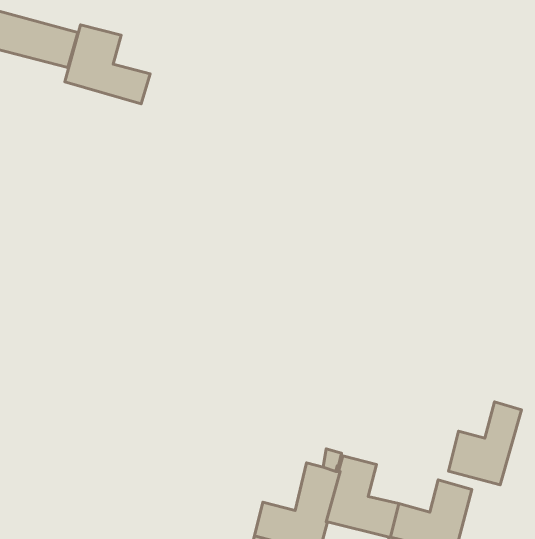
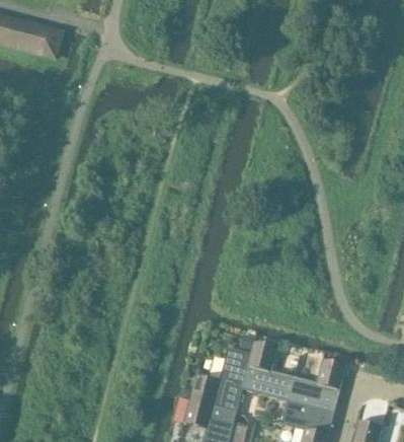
building: [65,25,150,104] -> none
building: [449,402,521,485] -> none

